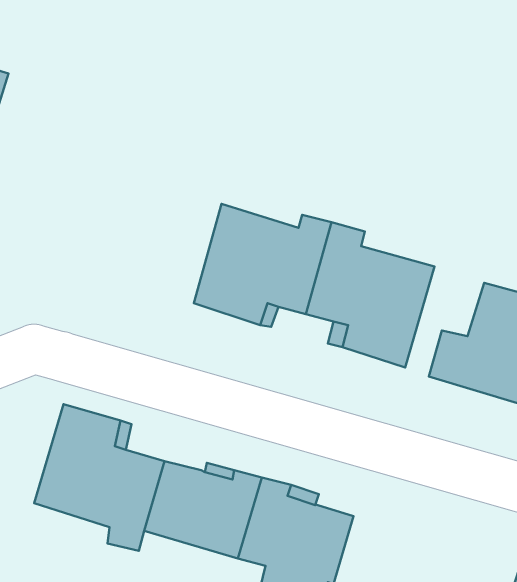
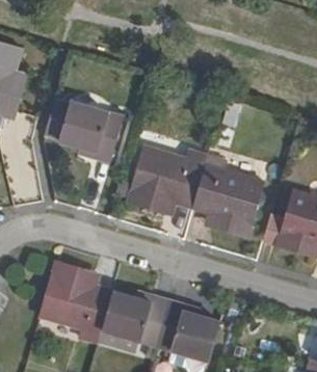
building: none -> [46,100,125,158]

